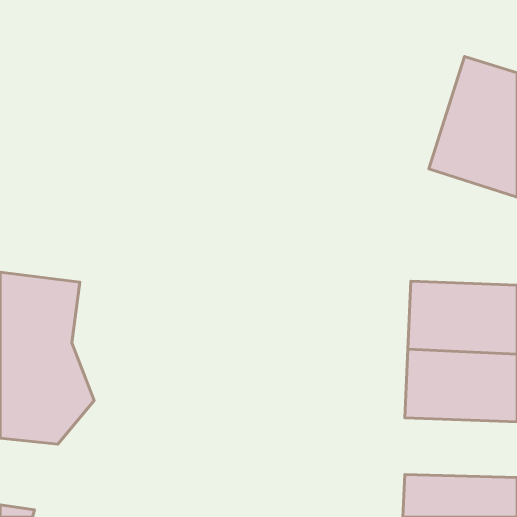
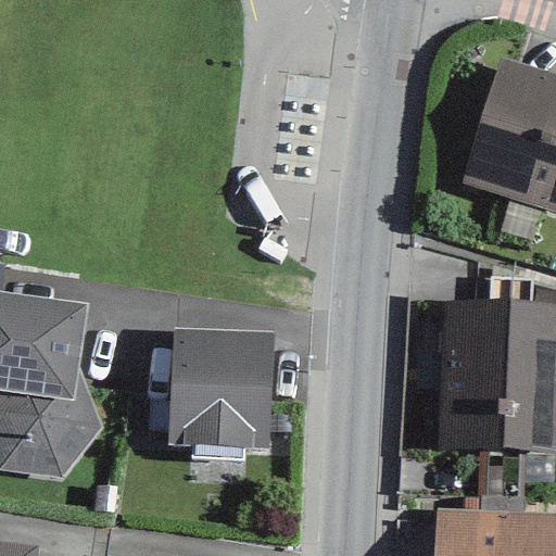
building: none -> [167,329,273,463]

